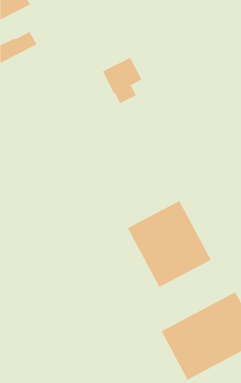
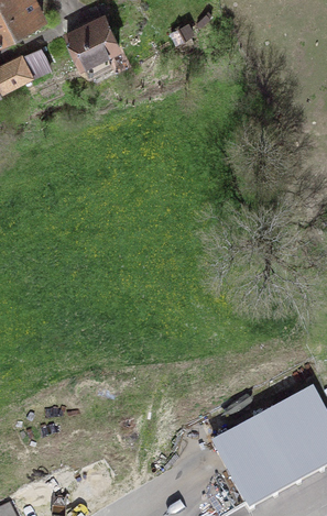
building: [102,57,142,104] -> [66,13,119,75]
building: [127,200,212,288] -> none

